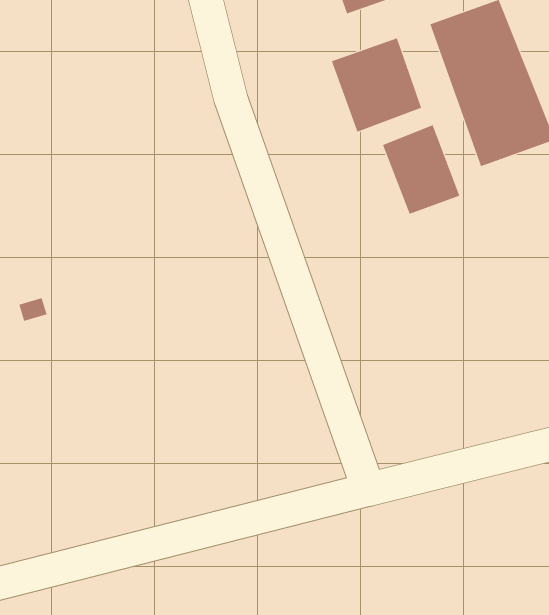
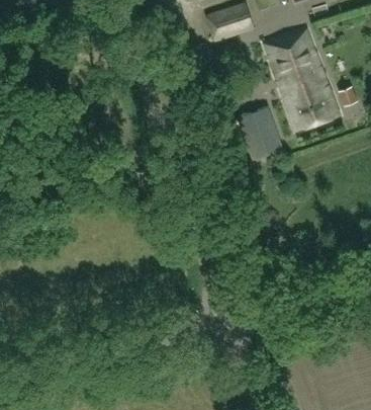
building: [331,38,422,132] -> none

